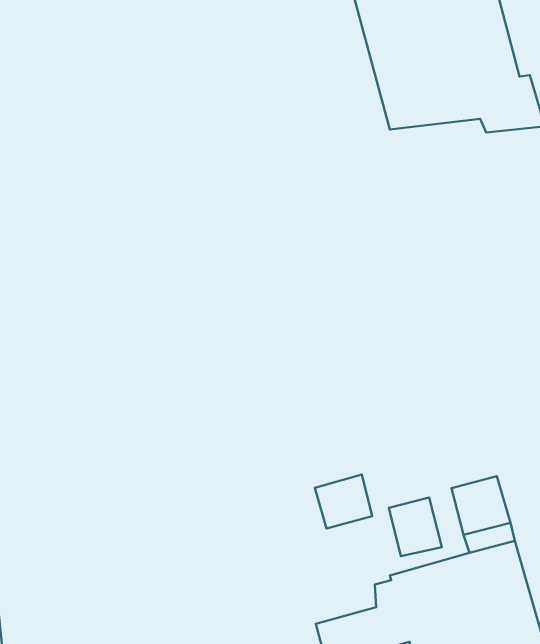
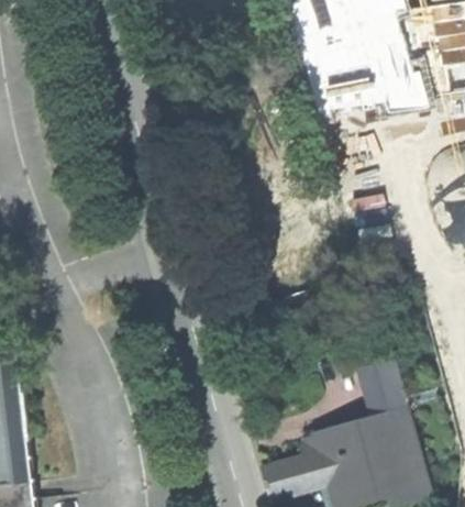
building: [315,474,372,529] -> none
building: [389,497,442,556] -> none

